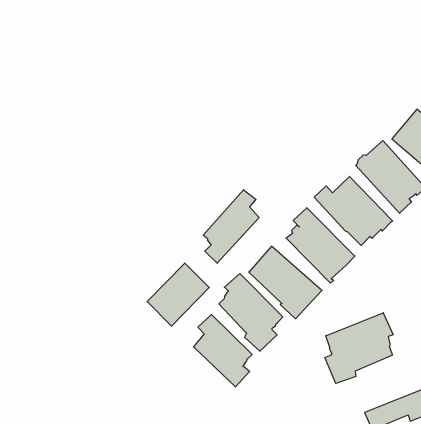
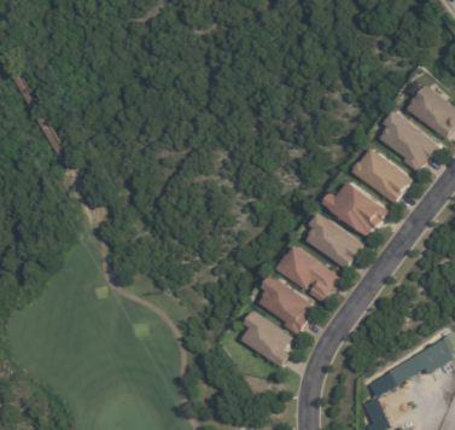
building: [203,190,259,263] -> none
building: [147,263,209,326] -> none
building: [325,313,393,383] -> none

